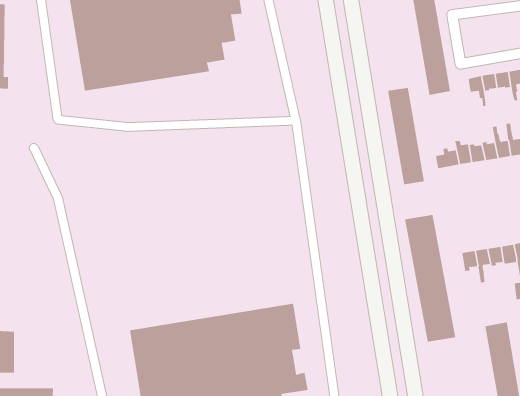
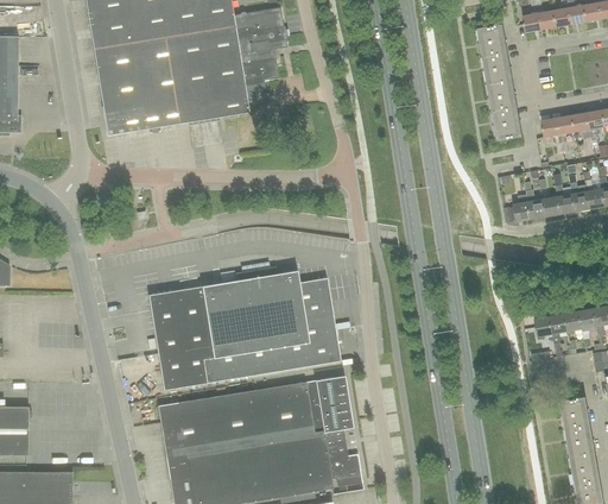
building: [388,87,425,185] -> none
building: none -> [138,267,341,391]
building: [404,214,456,342] -> none

